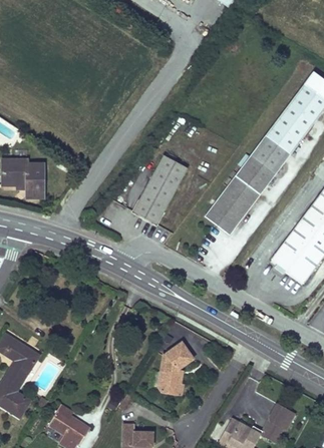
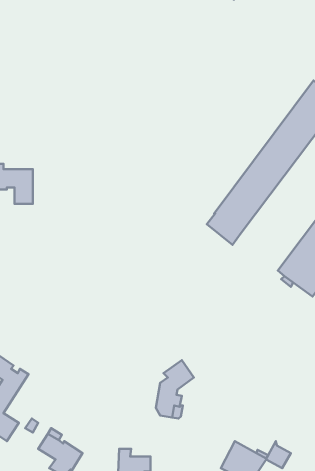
building: [132,152,187,225] -> none
building: [269,403,295,430] -> none

